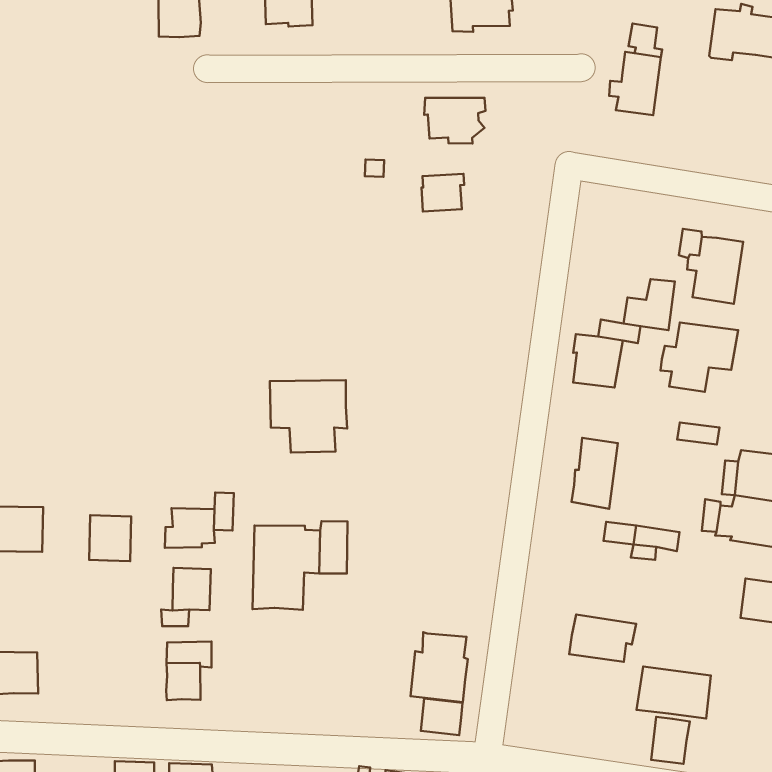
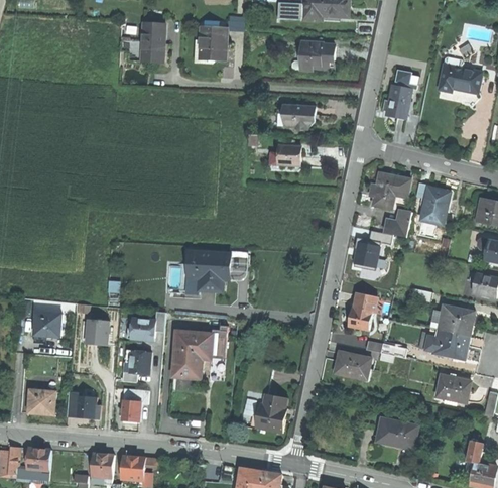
building: [661,323,738,392] -> [368,171,411,210]
building: [569,615,636,662] -> [334,353,371,380]
building: none -> [67,392,100,418]
building: [421,698,462,735] -> none
building: [651,717,690,764] -> none

